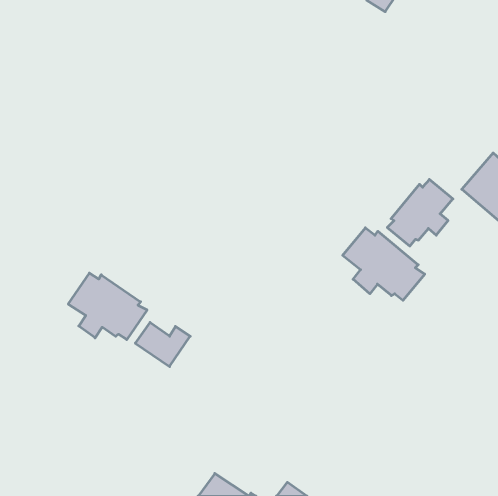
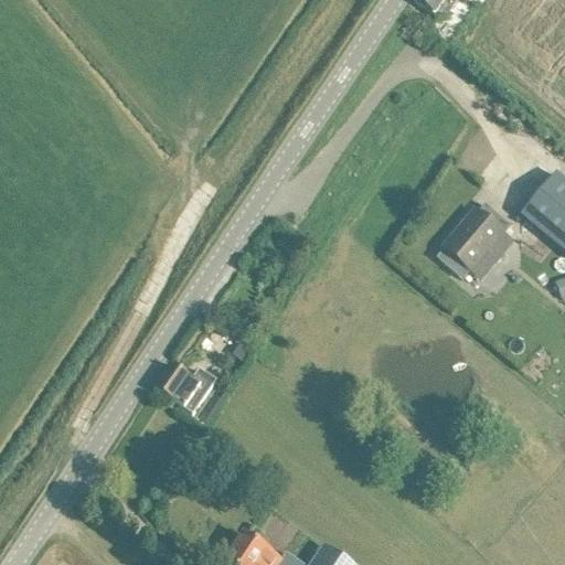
building: [343,228,425,300] -> none
building: [68,273,147,340] -> none

